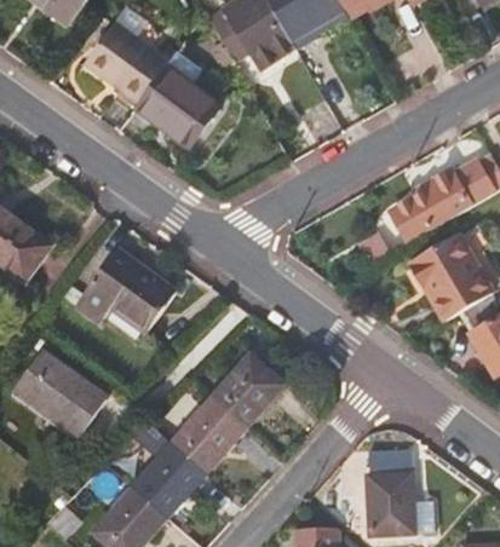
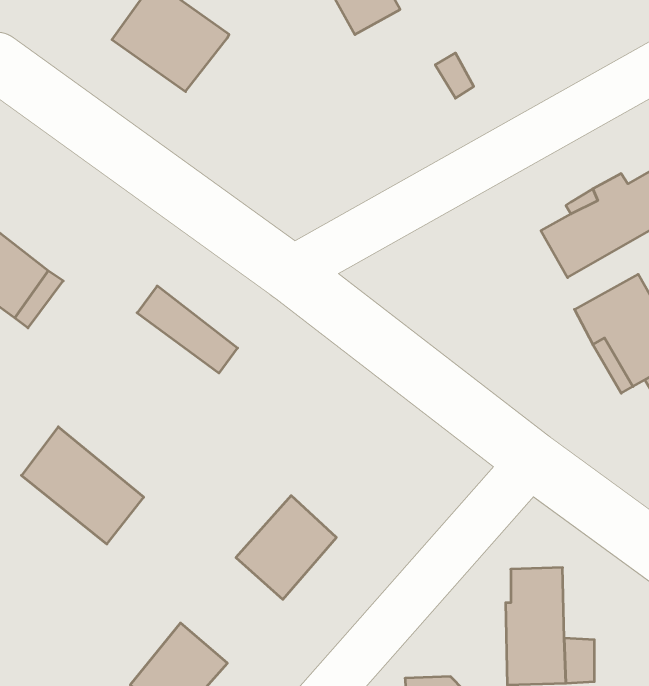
building: [134,68,217,145] -> none
building: [71,266,159,333] -> none
building: [211,356,281,428] -> none
building: [128,419,205,519] -> none

